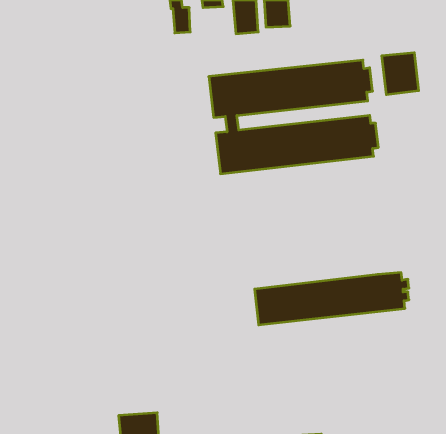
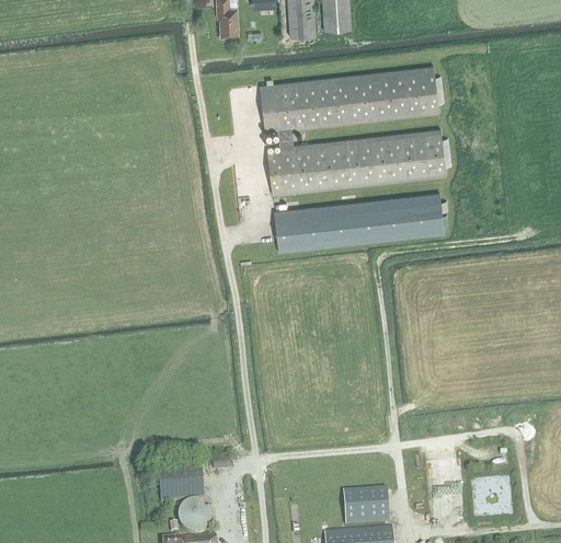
building: [382,53,419,95] -> none
building: [255,273,409,325] -> [274,194,448,253]

